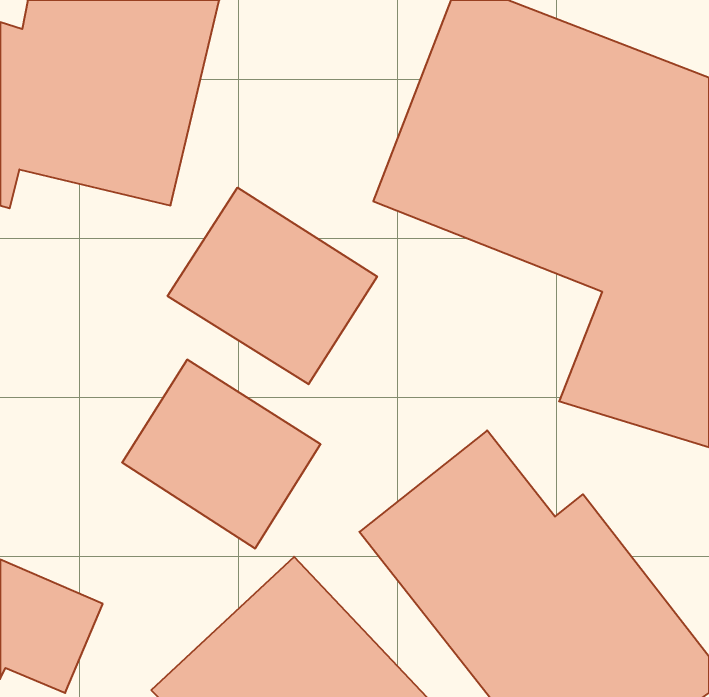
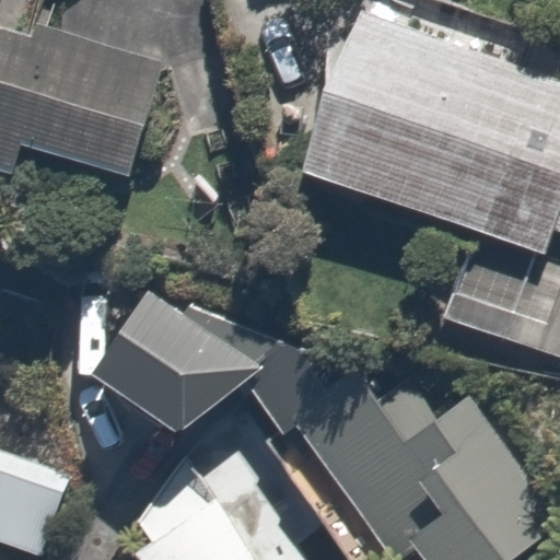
building: [168,188,377,384] -> none

